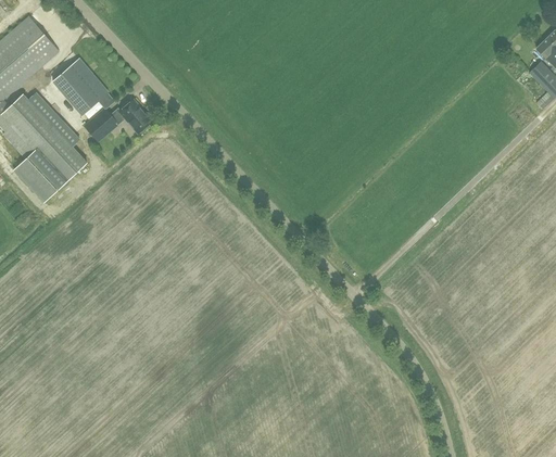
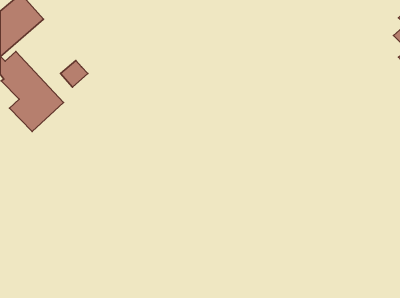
building: [53,56,110,114] -> none
building: [111,99,152,132] -> none

